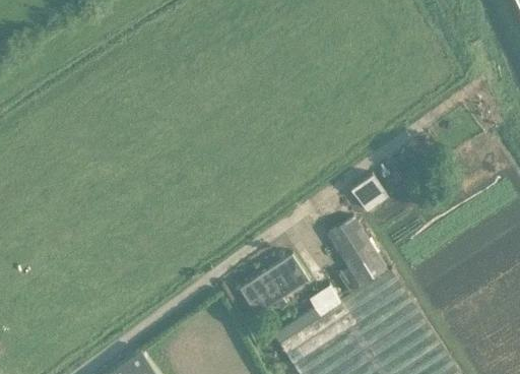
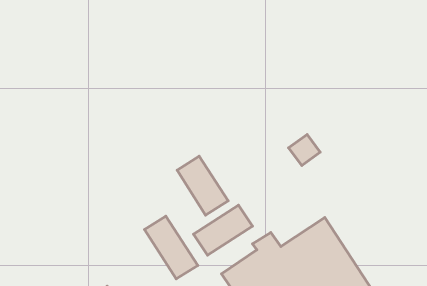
building: [328,219,387,287] -> [177,156,228,215]
building: none -> [144,216,198,279]

